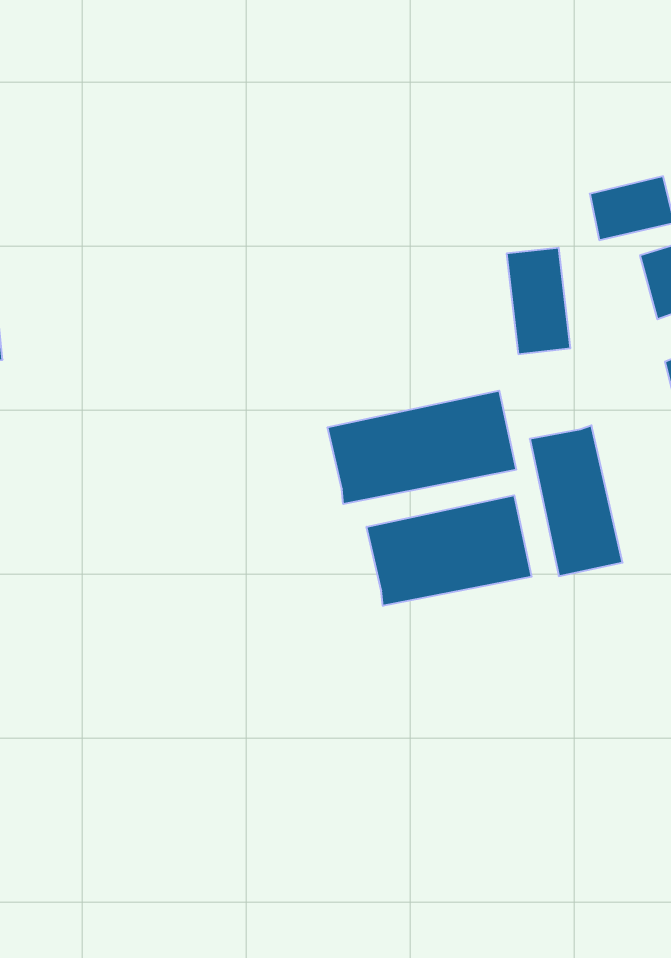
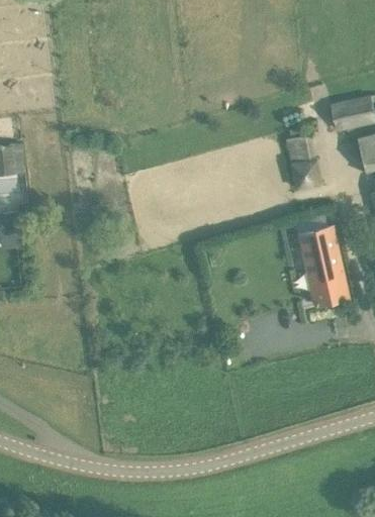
building: [328,391,516,504] -> none
building: [367,495,532,606] -> none

